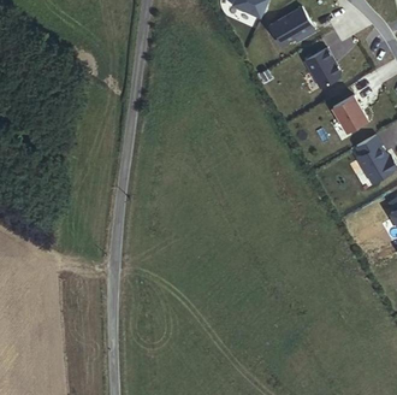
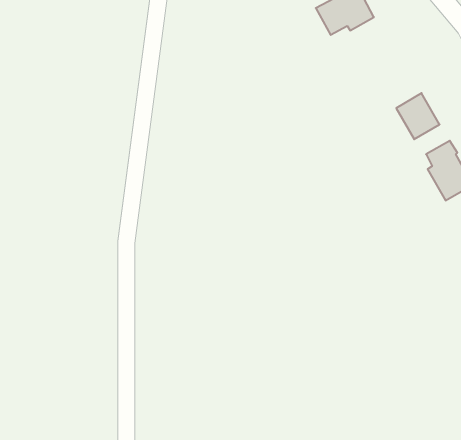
building: [303,48,342,89] -> none

